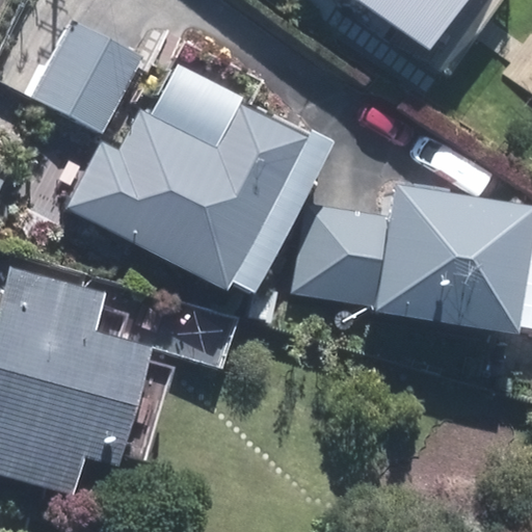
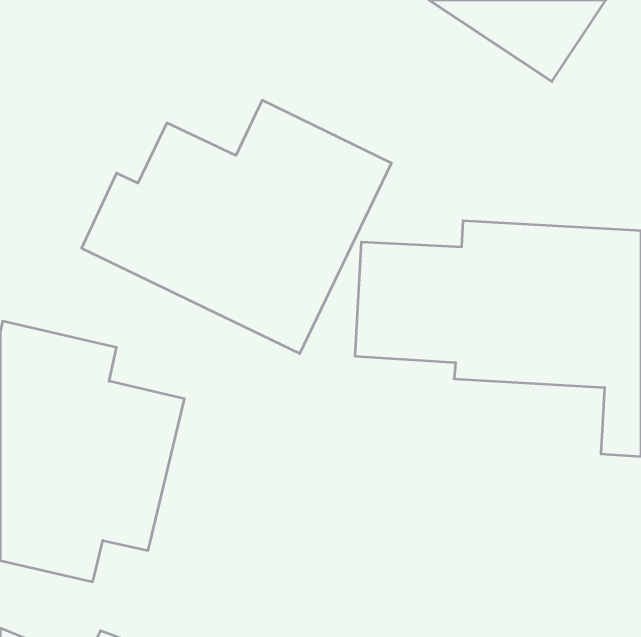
building: [28,19,143,135] -> none

